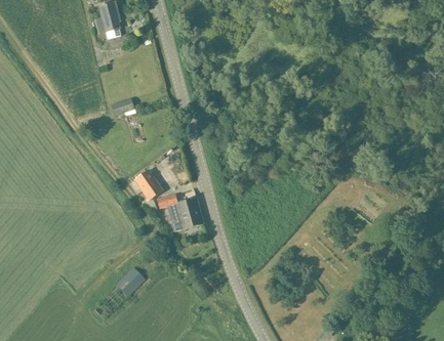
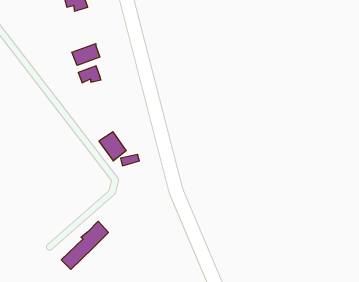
building: none -> [72,44,100,65]
building: [166,197,203,230] -> none

